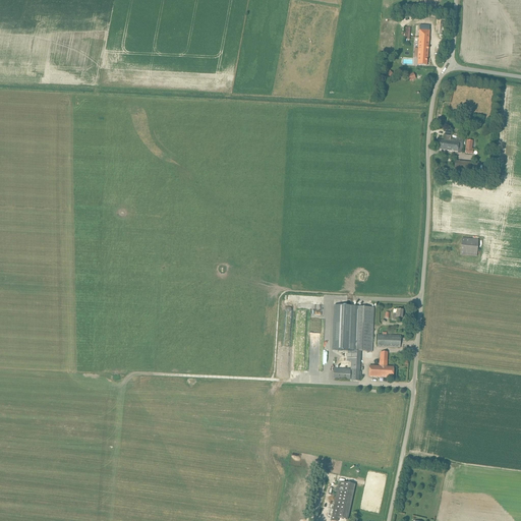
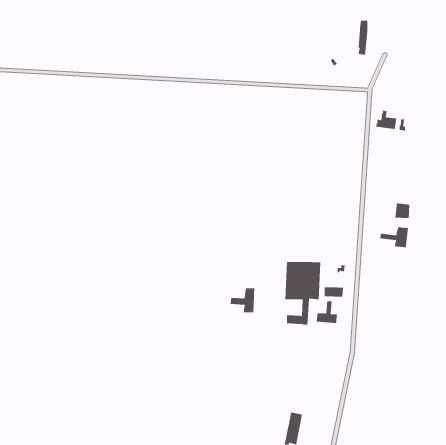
building: none -> [380,226,409,248]
building: none -> [230,287,255,313]

